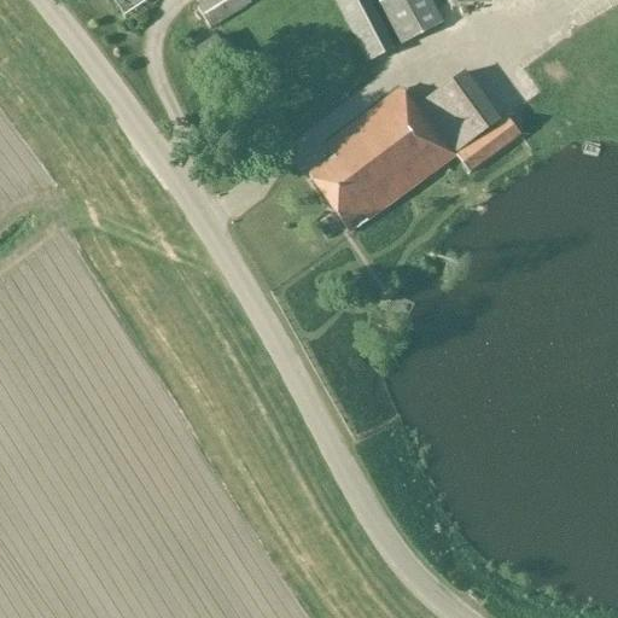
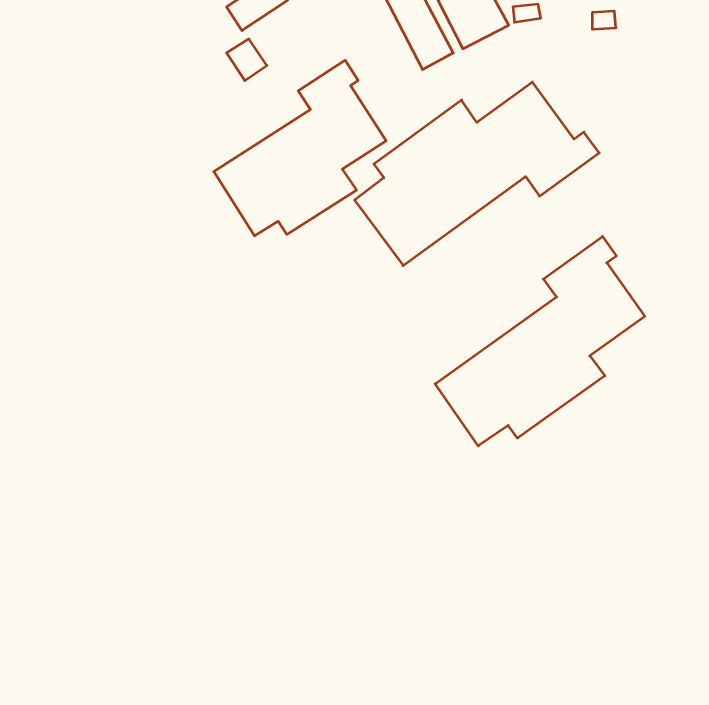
building: none -> [214,60,386,236]
building: none -> [435,236,645,446]

